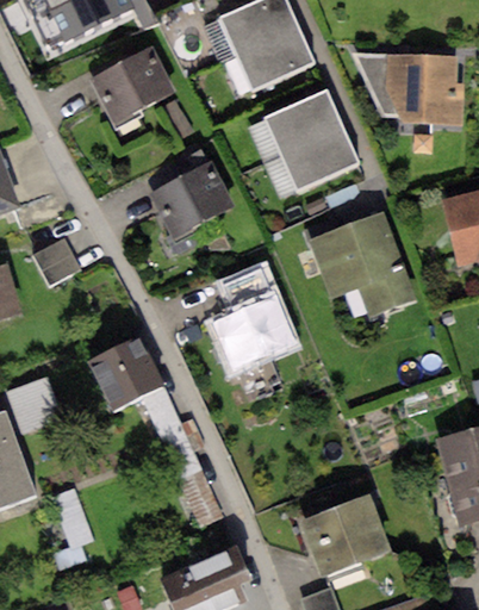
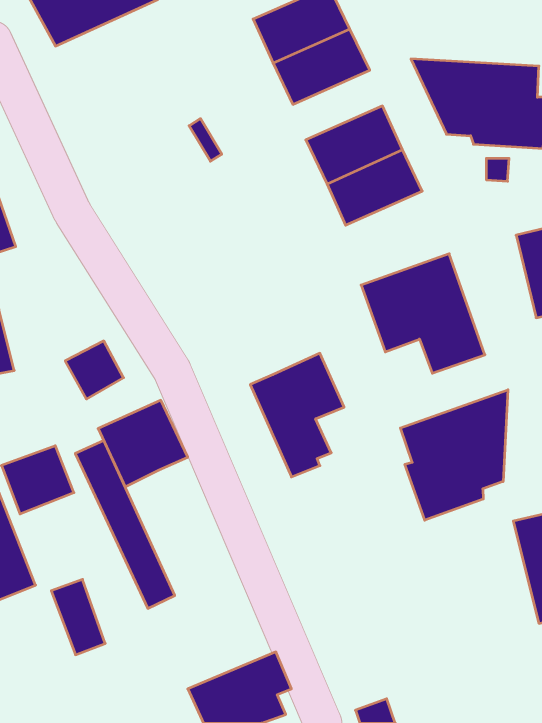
building: [92,45,175,120] -> none
building: [149,147,234,237] -> none
building: [32,238,81,287] -> [65,341,124,399]
building: [222,268,274,316] -> none
building: none -> [400,390,508,520]
building: [139,385,223,525] -> [75,441,175,608]
building: [300,496,388,573] -> none

